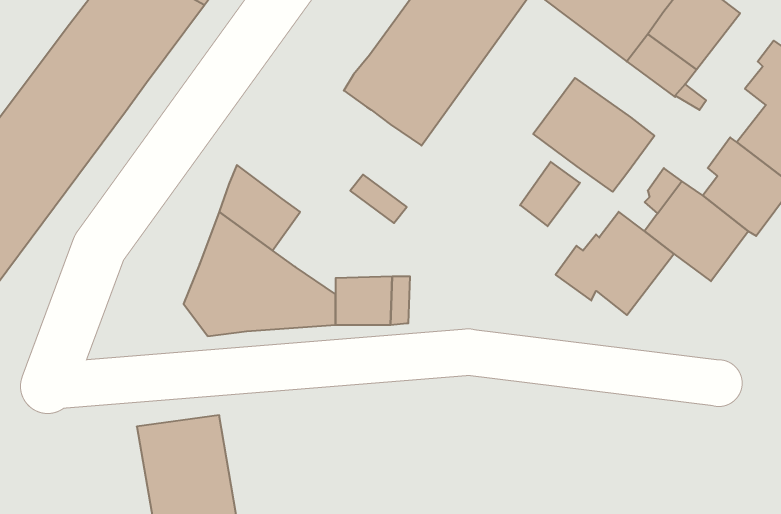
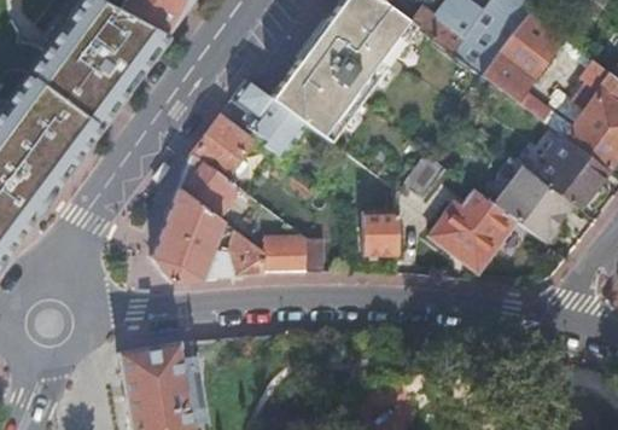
building: none -> [232,79,307,157]
building: [533,78,654,192] -> none
building: none -> [192,114,255,179]
building: none -> [363,210,398,255]

